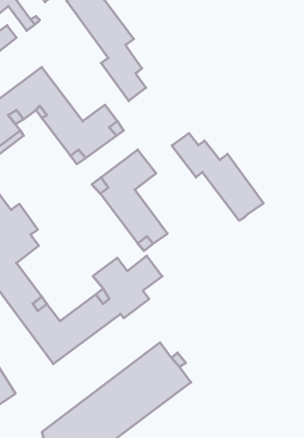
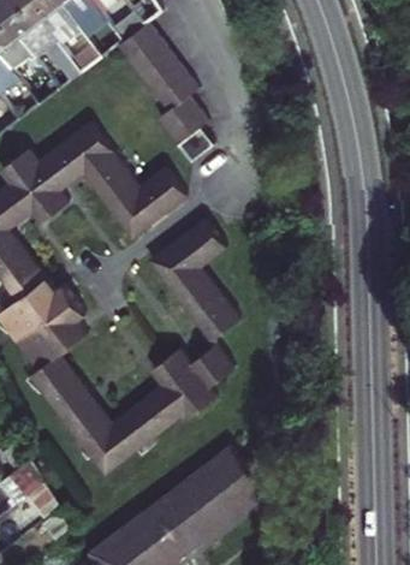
building: [172,133,263,220] -> none

